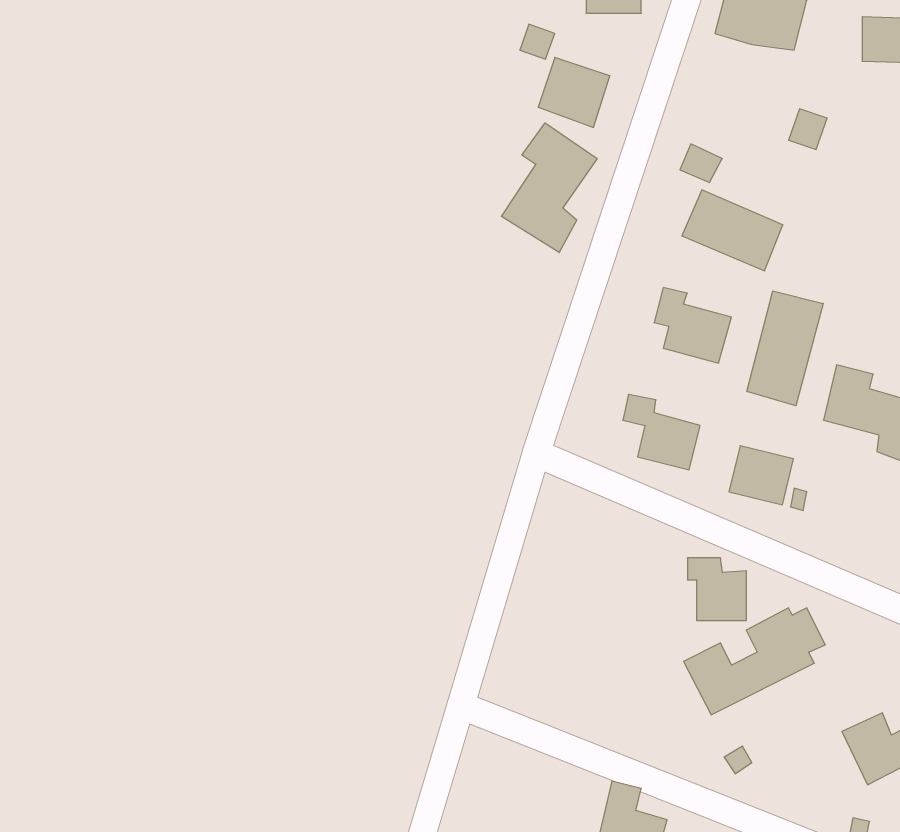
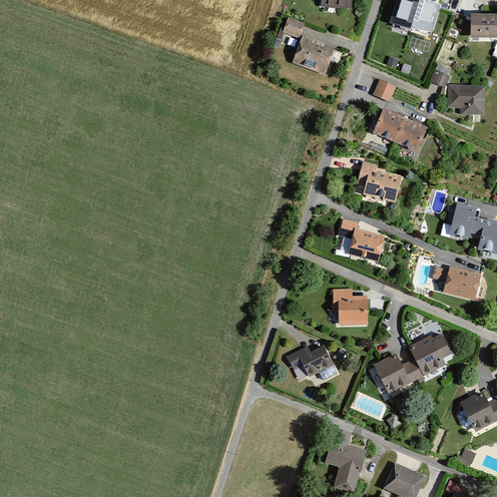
building: [501,123,597,253] -> none
building: none -> [448,84,486,113]
building: [747,291,823,406] -> none
building: [729,446,793,505] -> [444,267,479,299]
building: [687,558,746,620] -> [332,292,364,326]
building: none -> [286,349,330,378]

